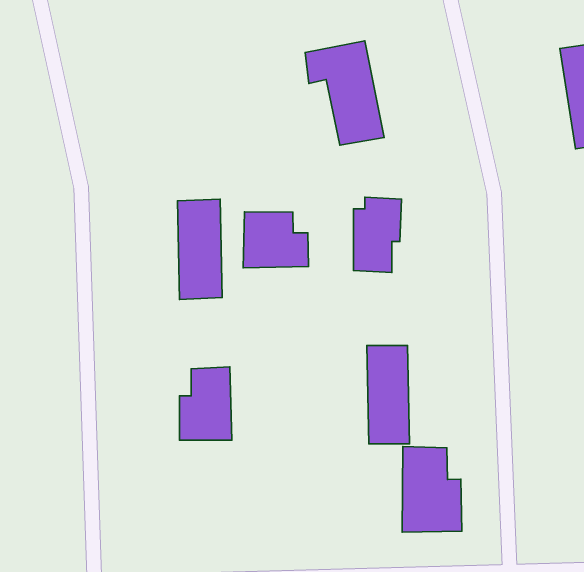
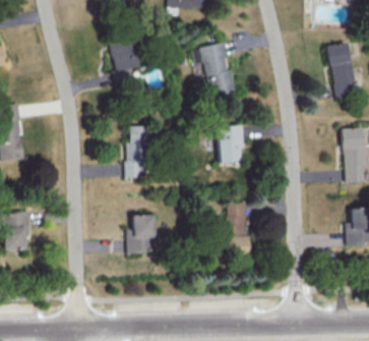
building: none -> [108,38,141,82]
building: [243,212,308,268] -> none
building: [402,447,462,532] -> none

